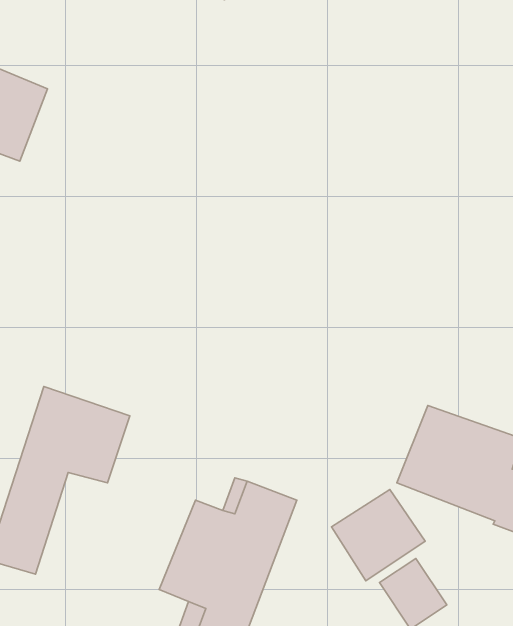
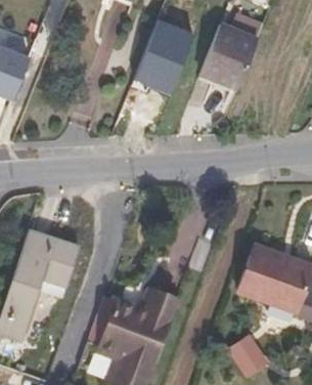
building: none -> [199,13,263,89]
building: none -> [135,20,193,92]
building: [331,489,425,581] -> none

